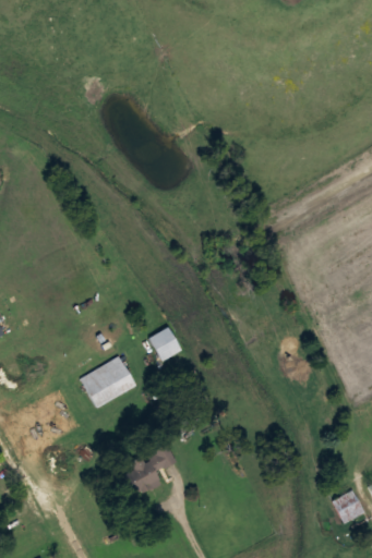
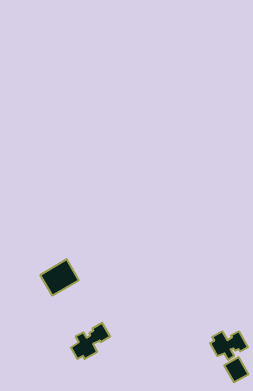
building: [148,328,179,360] -> none
building: none -> [210,331,248,360]

